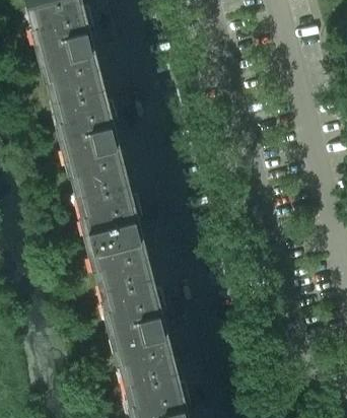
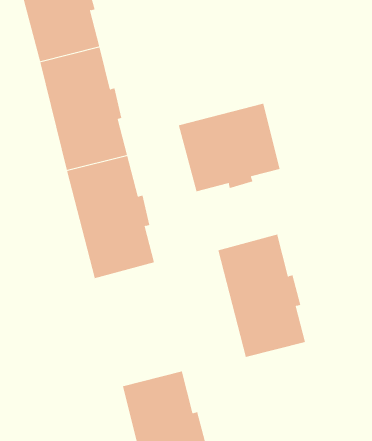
building: none -> [178,103,280,192]
building: [94,256,171,363] -> [217,234,306,357]

